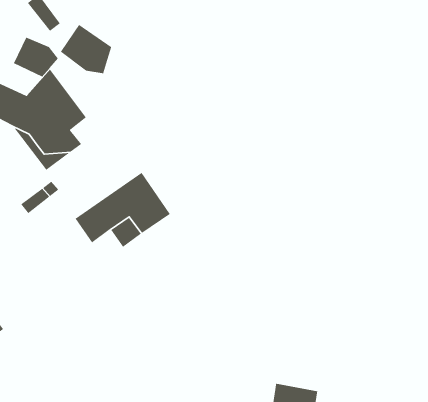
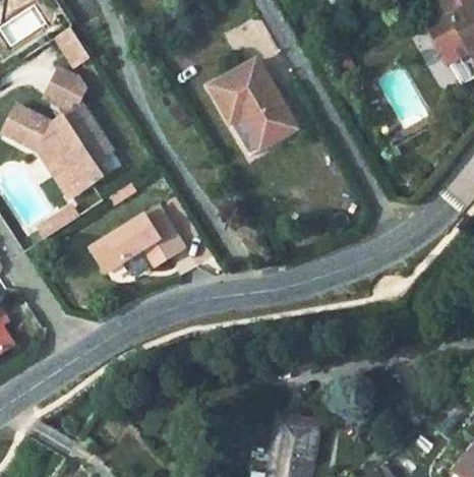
building: none -> [211,57,298,145]
building: [60,24,112,74] -> none

